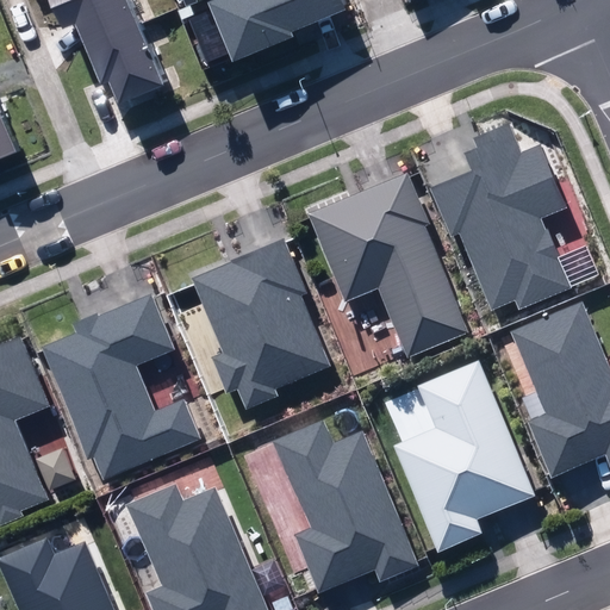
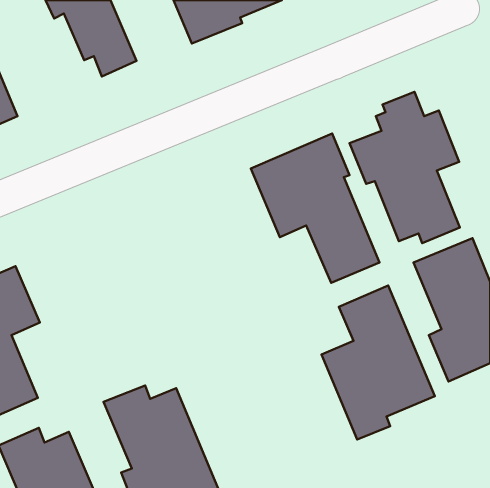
building: [191,238,329,410] -> none
building: [44,291,203,477] -> none
building: [272,417,417,591] -> none

